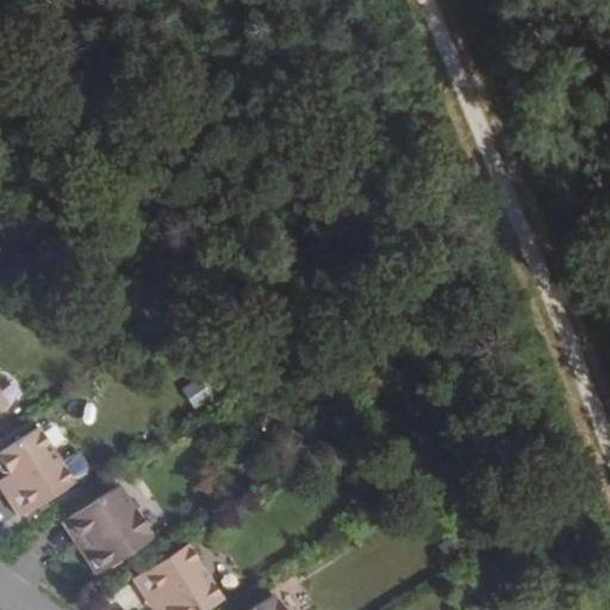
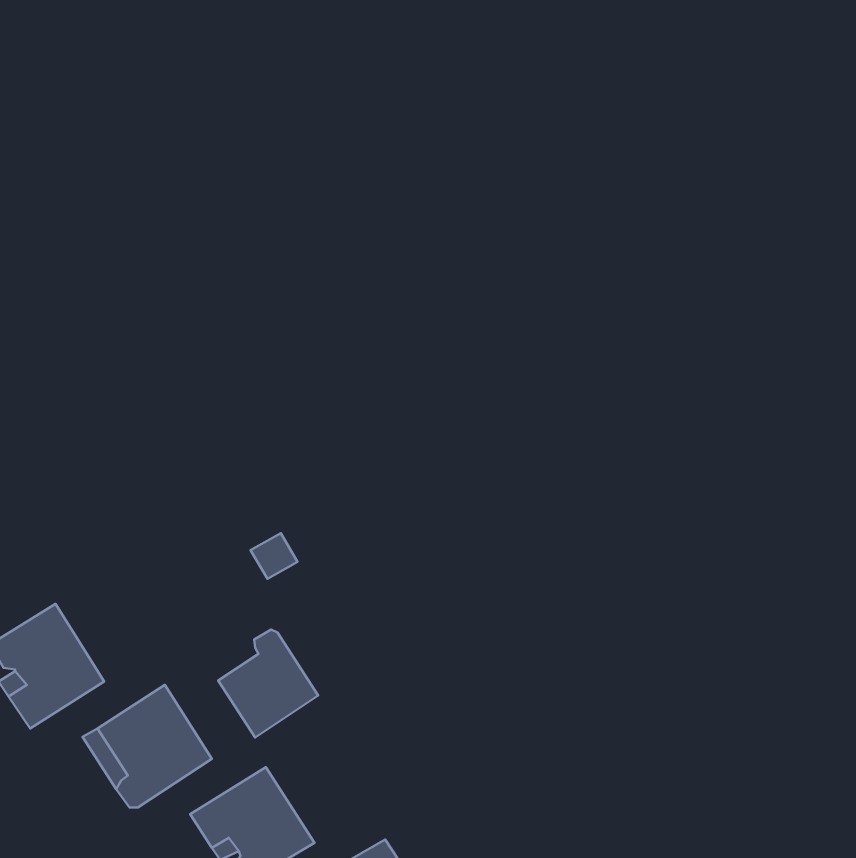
building: none -> [218,630,318,737]

